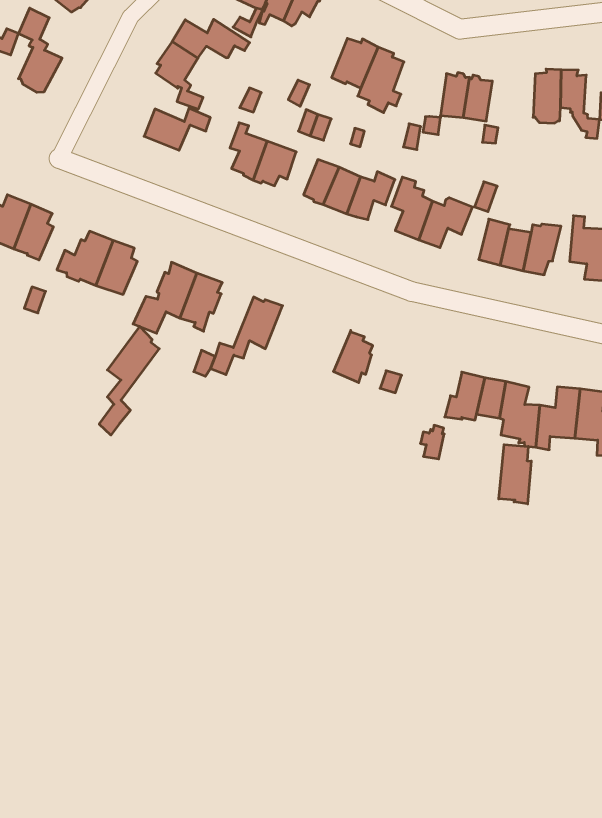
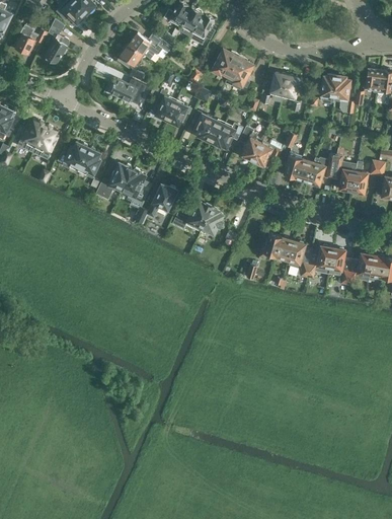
building: none -> [173,200,213,231]
building: [99,326,159,435] -> none
building: [499,445,531,504] -> none

